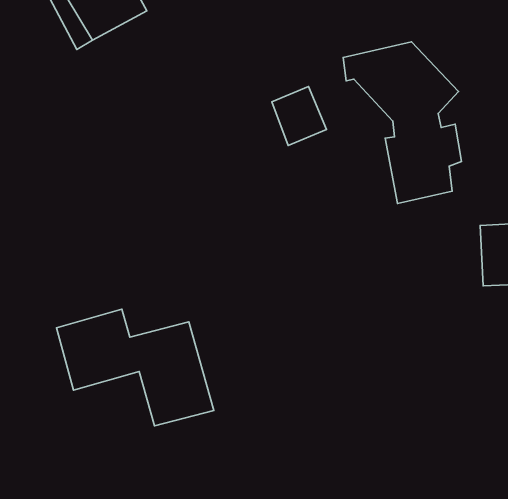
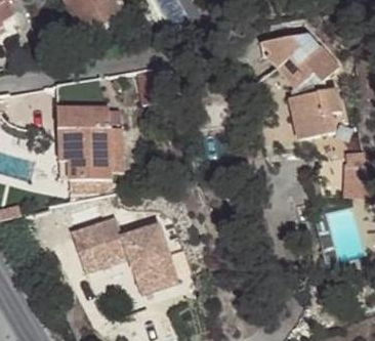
building: [272,87,326,146] -> none
building: none -> [58,106,125,181]

